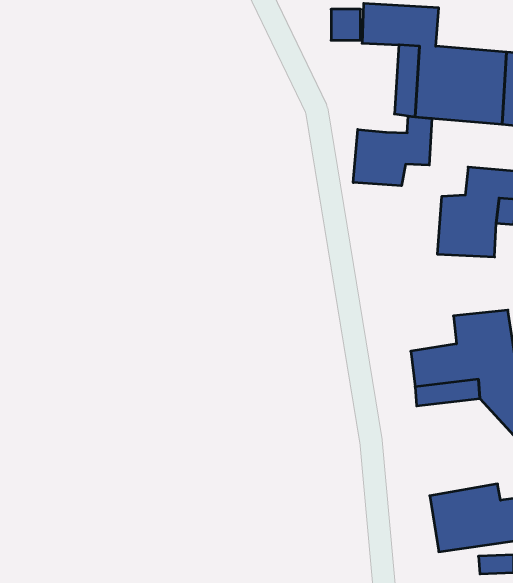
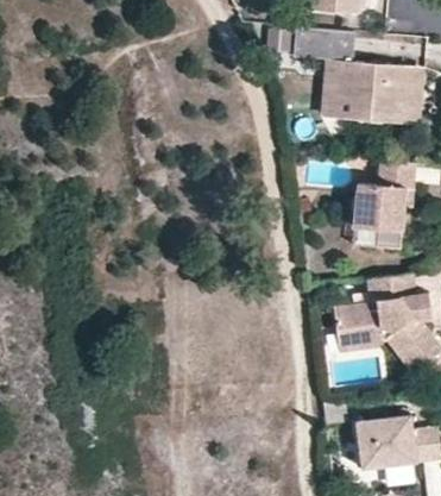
building: [353,116,432,186] -> none

